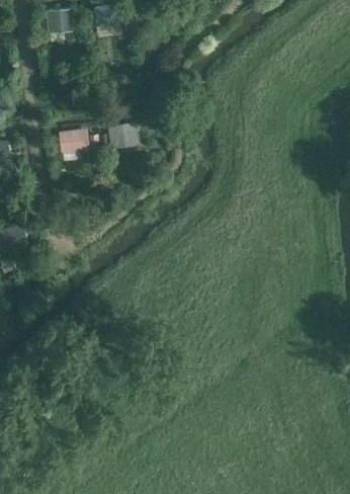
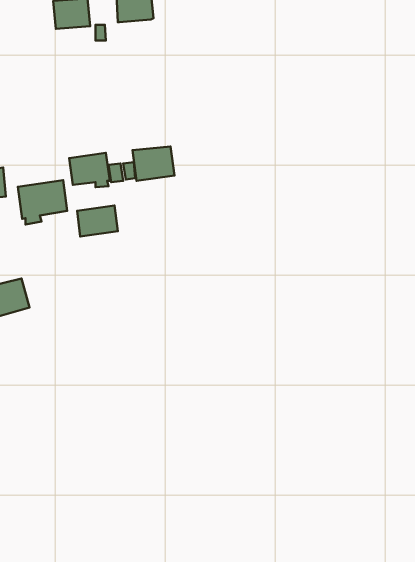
building: none -> [18,180,67,224]
building: none -> [77,205,118,236]

